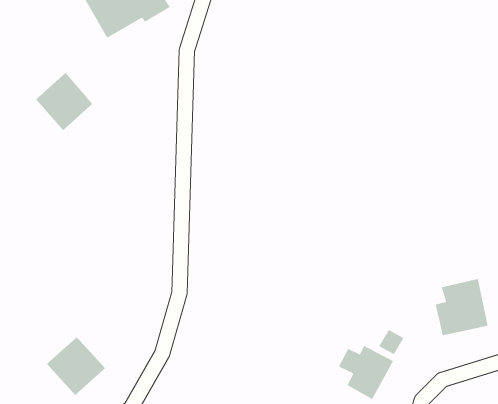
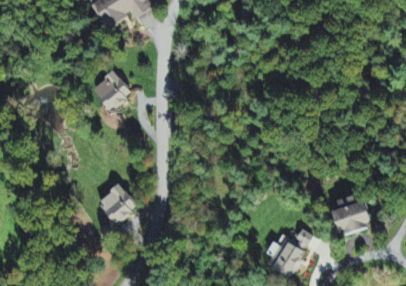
building: [35,72,93,131] -> [91,69,131,110]
building: [46,336,106,396] -> [96,183,137,224]

